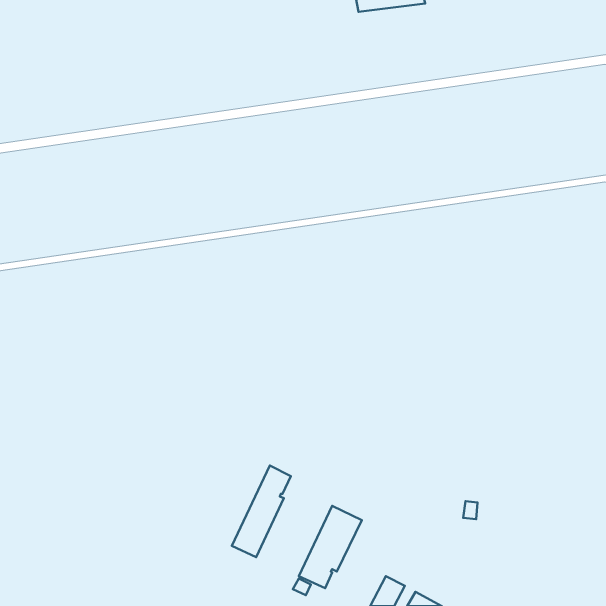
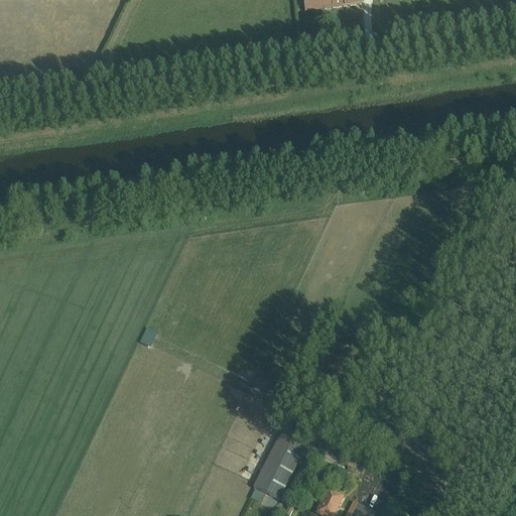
building: [232,466,291,557] -> none

